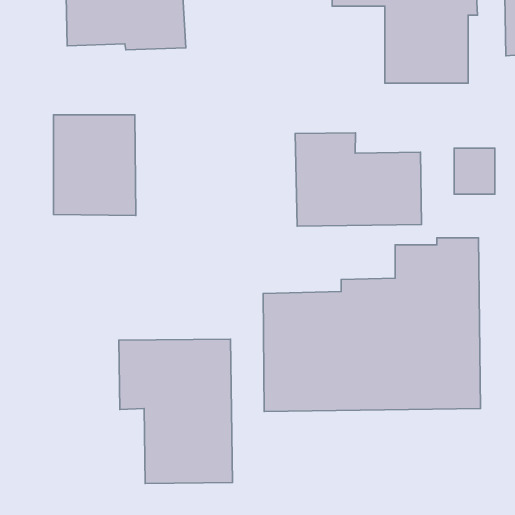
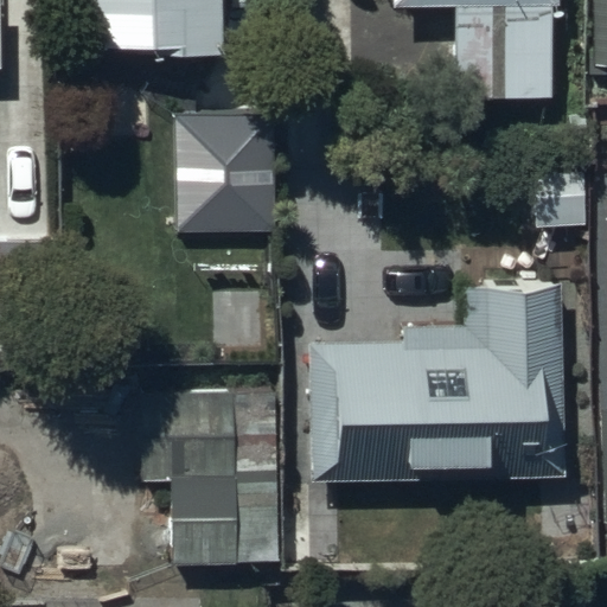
building: [54,115,136,215] -> [178,110,274,228]
building: [295,133,422,226] -> none

